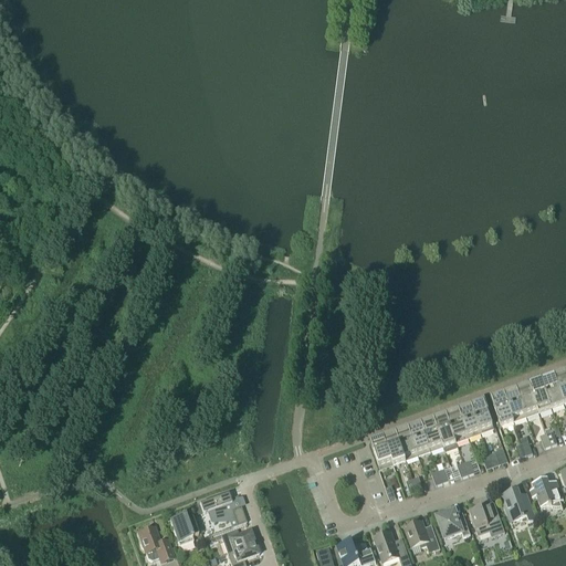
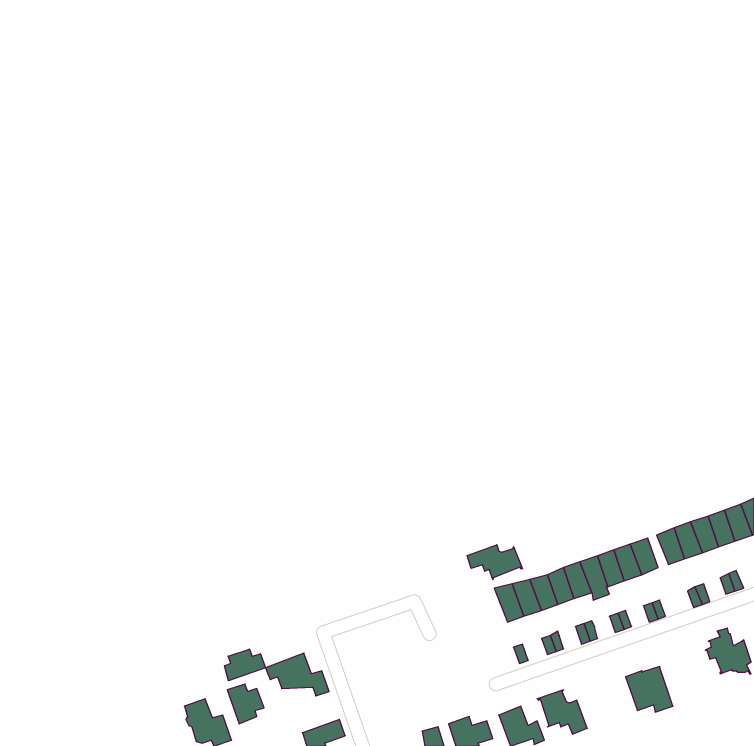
building: none -> [467,545,523,580]
building: [501,486,535,520] -> none
building: none -> [225,649,266,681]
building: [437,507,470,535] -> none
building: [220,527,254,549] -> none

